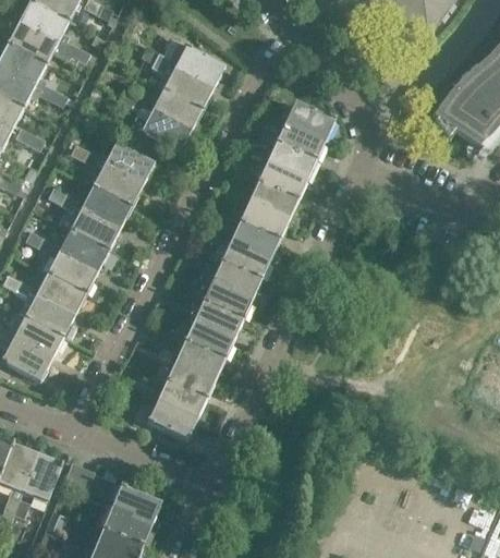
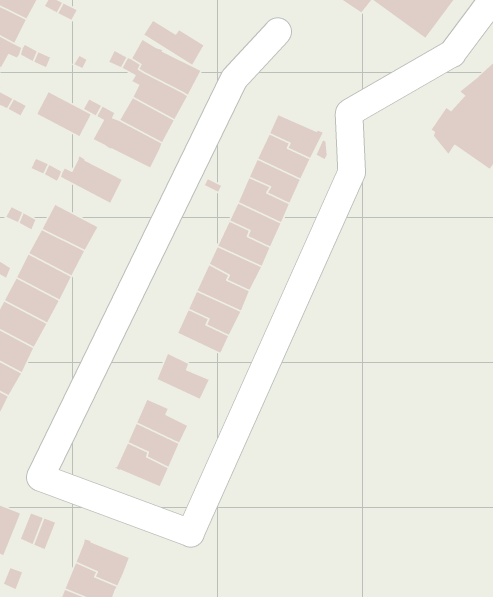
building: none -> [143,20,204,66]
building: [93,163,143,205] -> [36,91,92,137]
building: [194,301,242,342] -> none
building: [175,342,223,384] -> none

